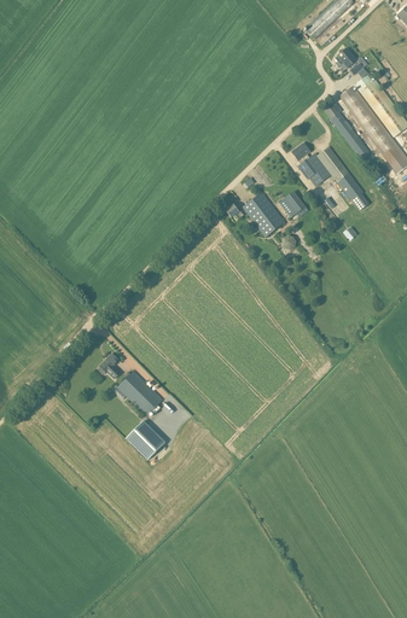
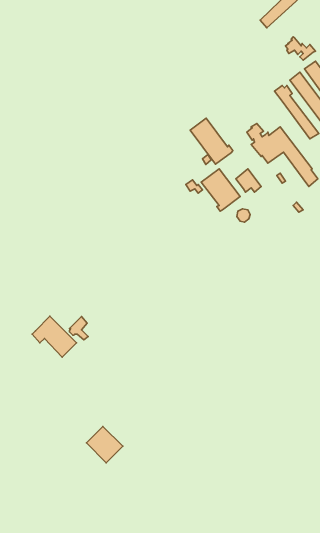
building: none -> [190,118,233,164]
building: [114,371,162,415] -> [32,316,77,357]
building: [126,420,165,460] -> [86,426,123,463]

